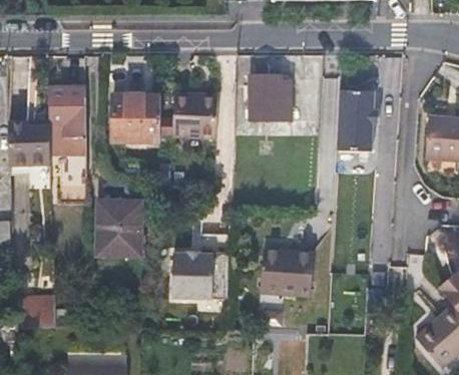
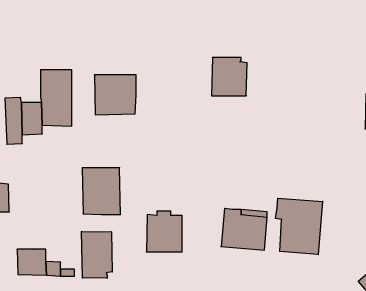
building: [335,88,372,149] -> none
building: [173,93,217,138] -> none
building: none -> [276,198,323,255]
building: none -> [82,231,112,278]

